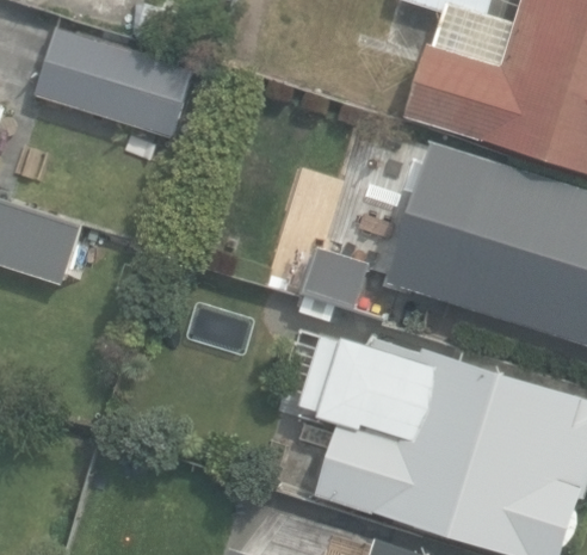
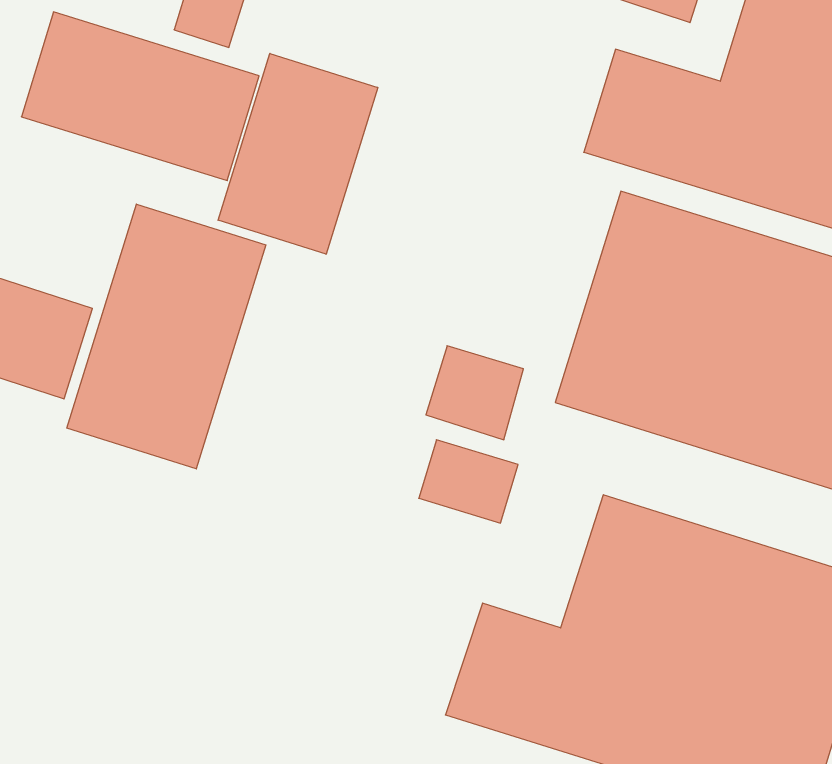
building: none -> [218,53,378,254]
building: none -> [67,204,266,469]

